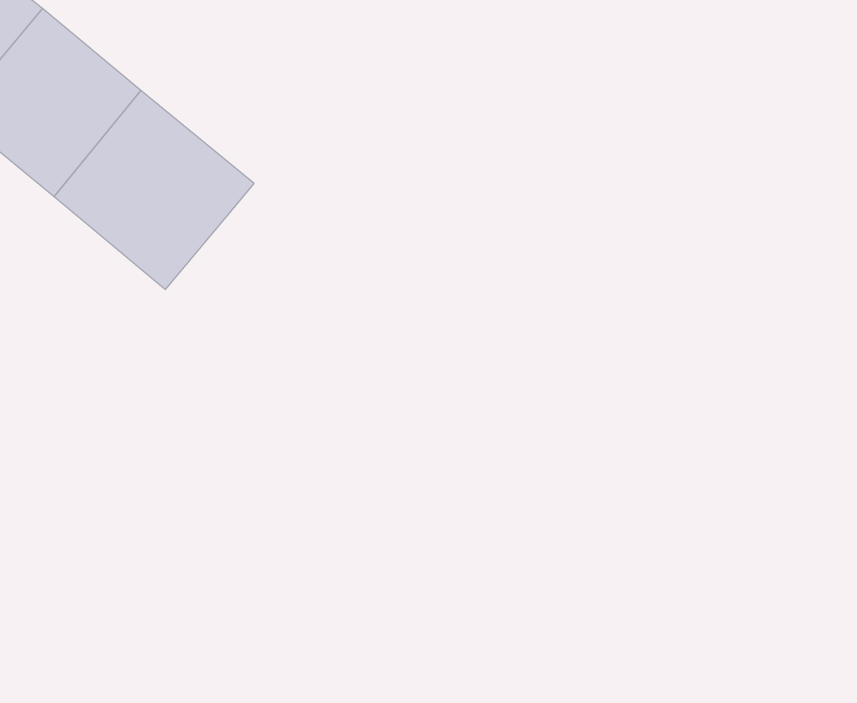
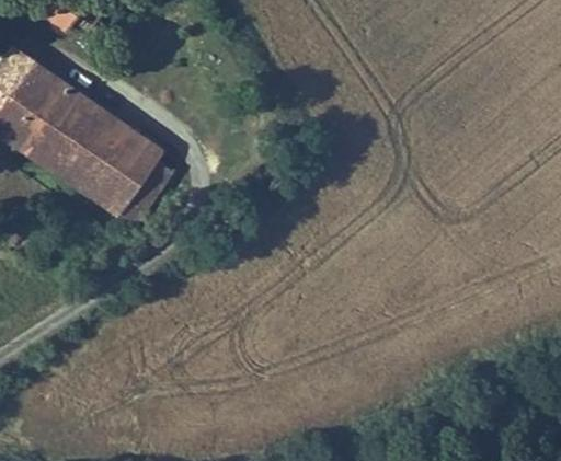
building: none -> [108,160,165,224]

